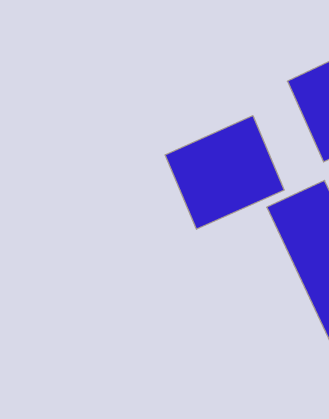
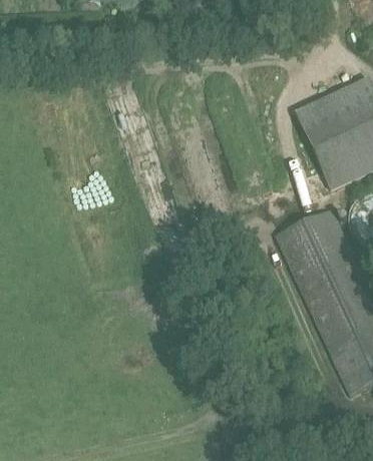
building: [165,116,284,229] -> none

